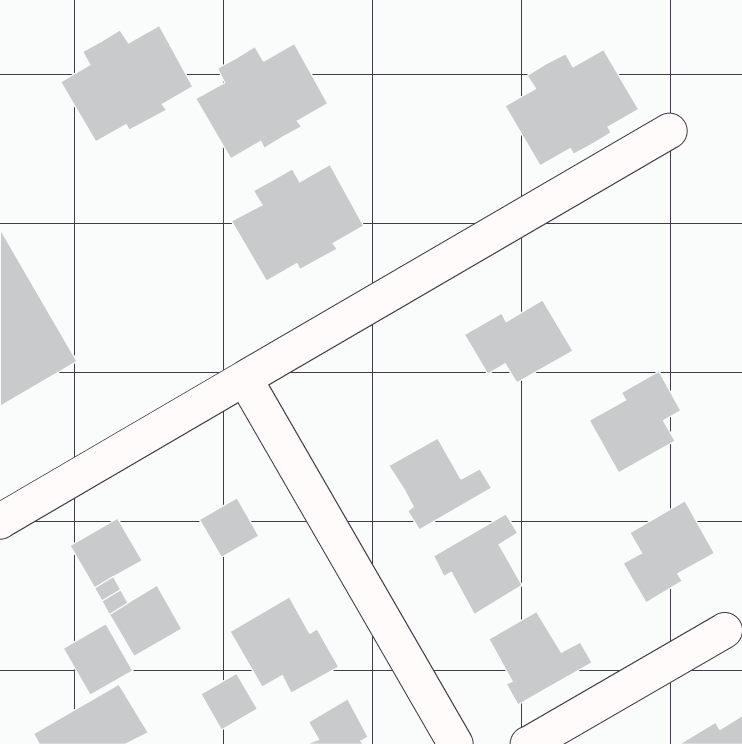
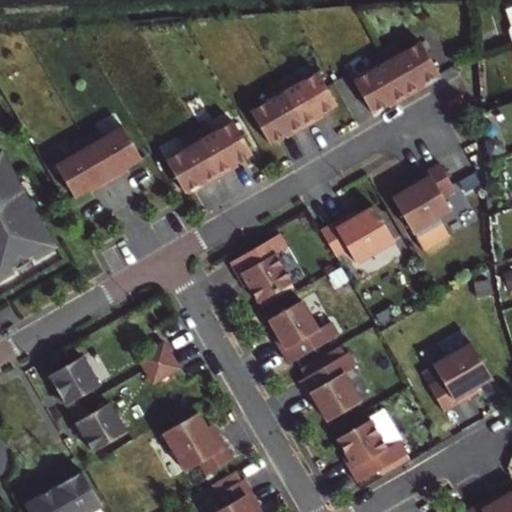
building: [61,25,193,142] -> [50,119,141,199]
building: [196,44,328,159] -> [245,65,336,144]
building: none -> [230,233,292,302]
building: [589,371,681,473] -> [392,164,455,234]
building: [63,623,133,695] -> none
building: [201,673,257,730] -> none

